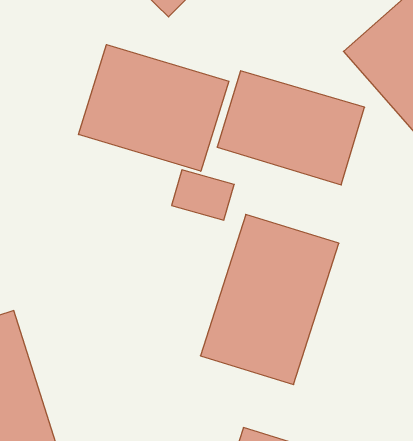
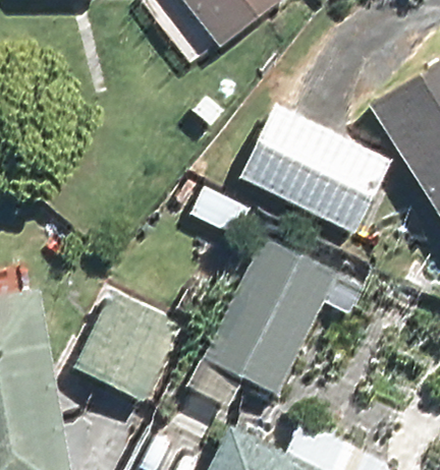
building: [79,45,229,171] -> none
building: none -> [76,292,184,403]

